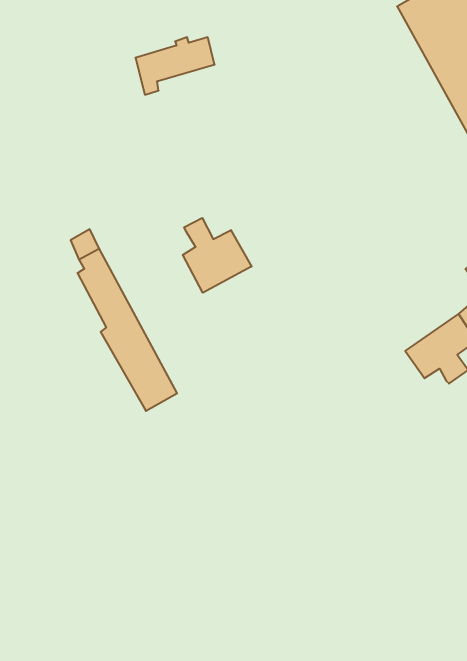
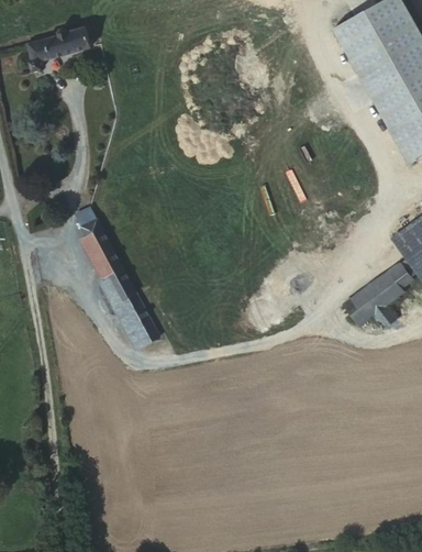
building: [135,37,215,95] -> [26,29,90,75]
building: [183,218,252,293] -> none

